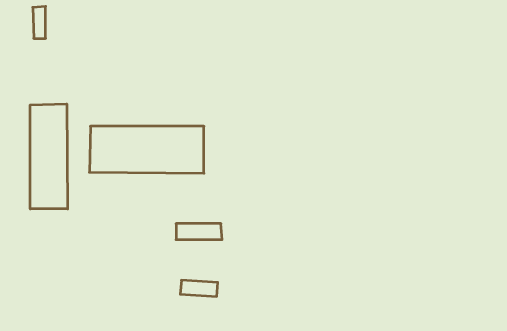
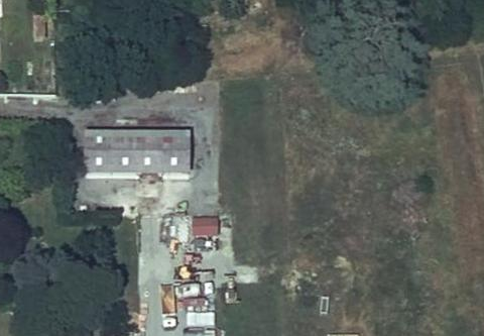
building: [30,104,68,209] -> none

